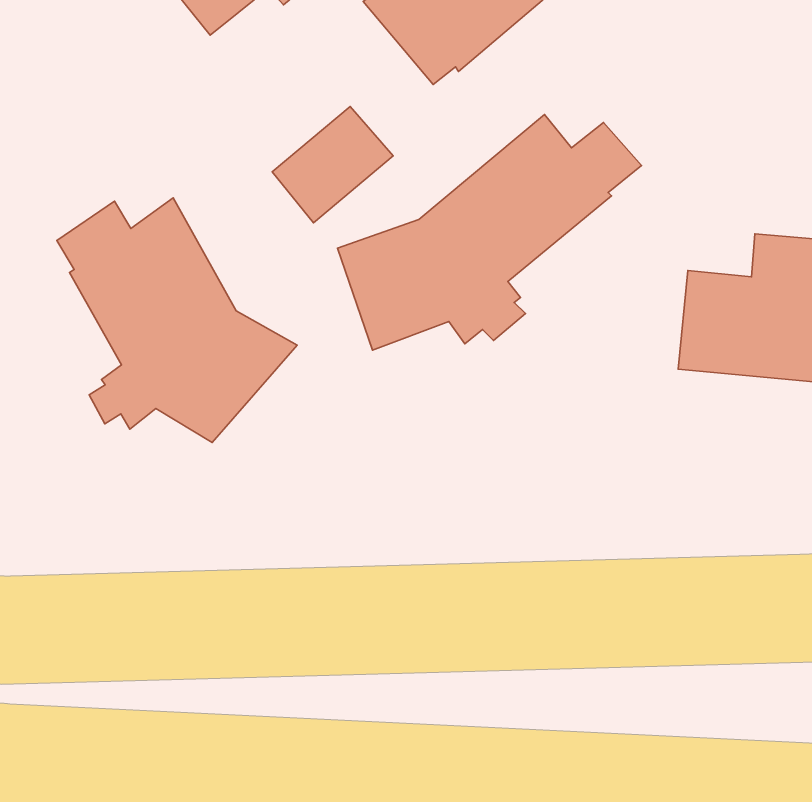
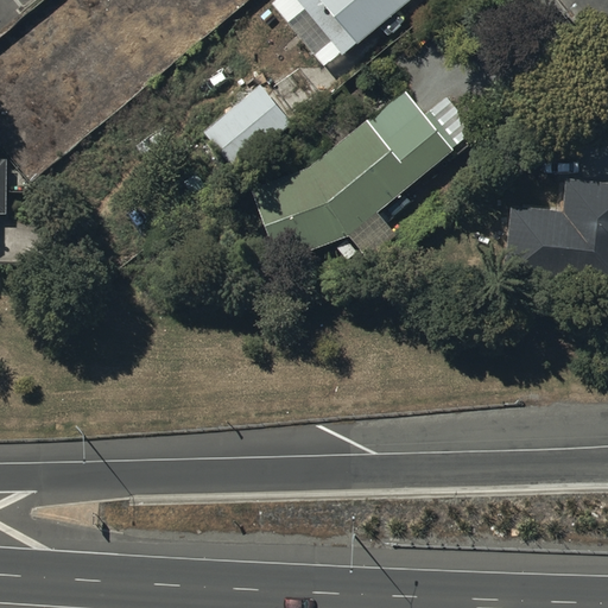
building: [57,198,297,443] -> none

